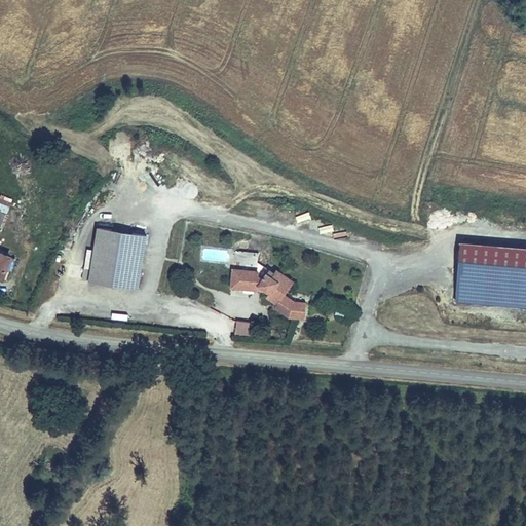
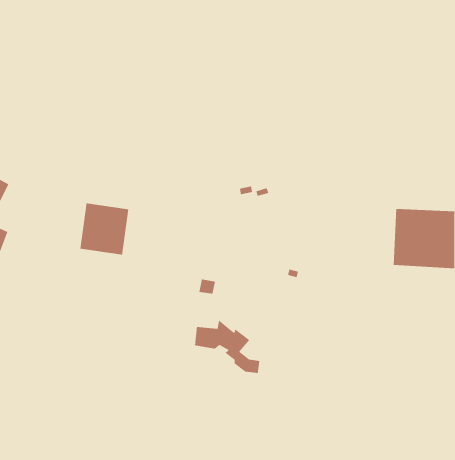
building: [231,260,306,322] -> [194,319,260,374]

